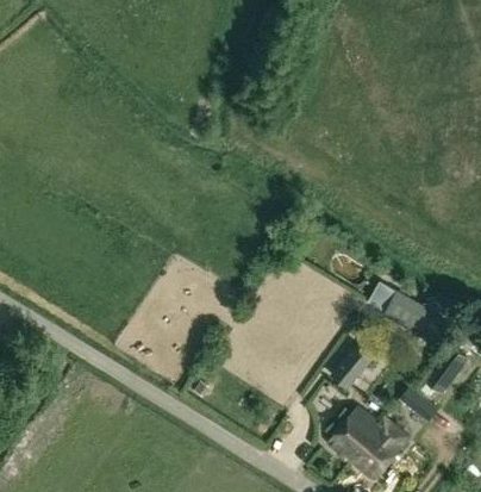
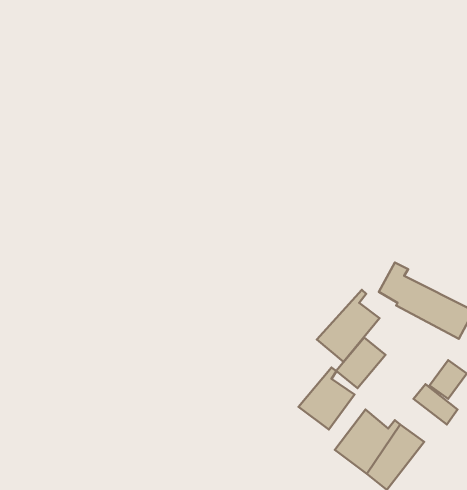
building: none -> [317,290,380,362]
building: none -> [299,368,354,429]

